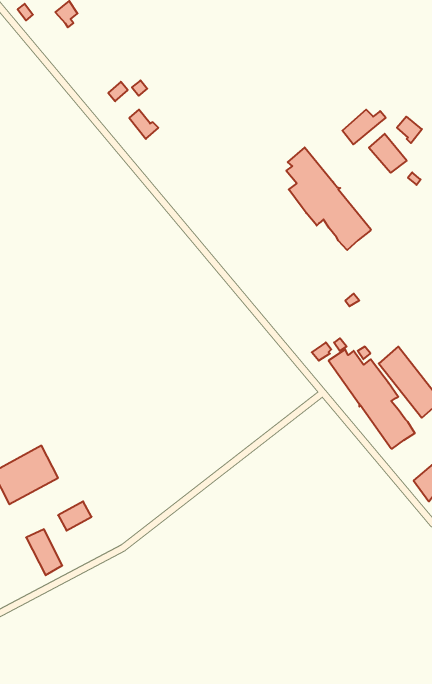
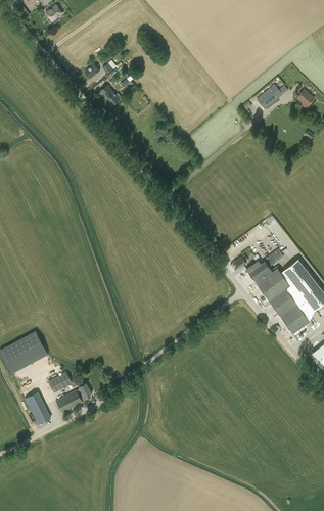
building: [369,134,407,173] -> none
building: [286,147,371,250] -> none
building: none -> [56,382,92,413]

